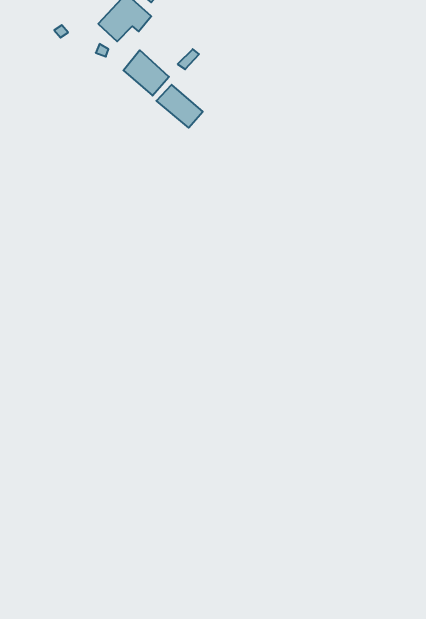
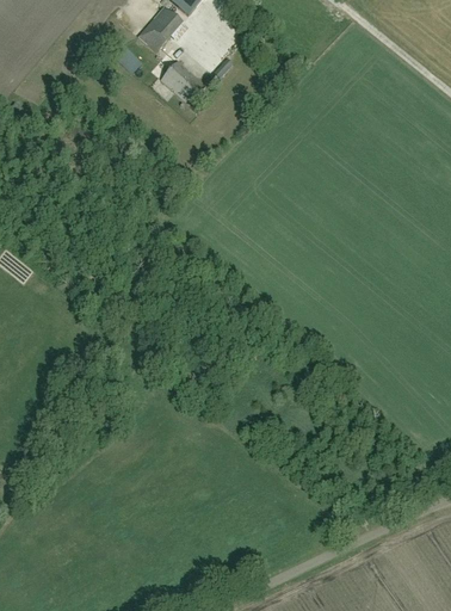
building: [156,85,203,128] -> none

